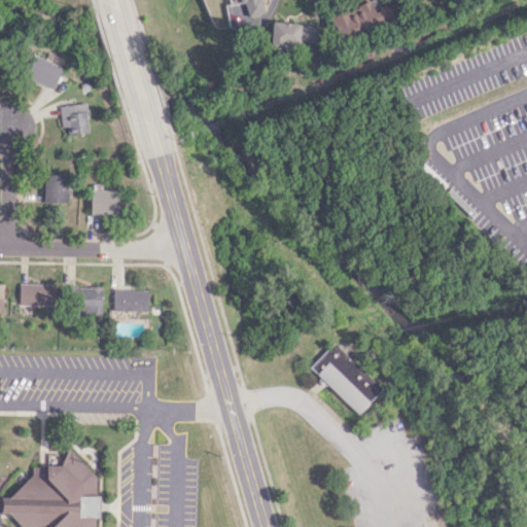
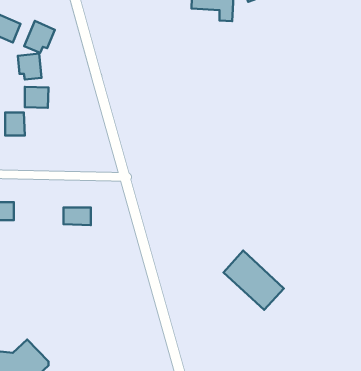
building: none -> [24,21,55,53]
building: [92,189,120,215] -> [25,87,49,108]
building: [69,287,103,317] -> none

